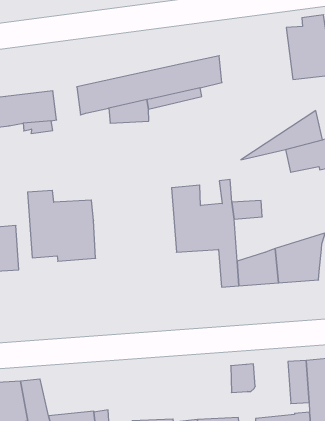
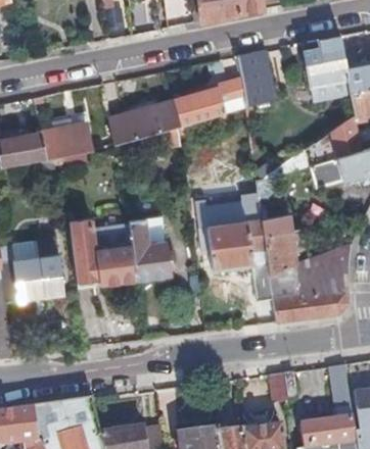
building: none -> [237,49,273,105]
building: none -> [128,215,172,280]
building: none -> [266,231,297,275]
building: none -> [274,288,350,322]

